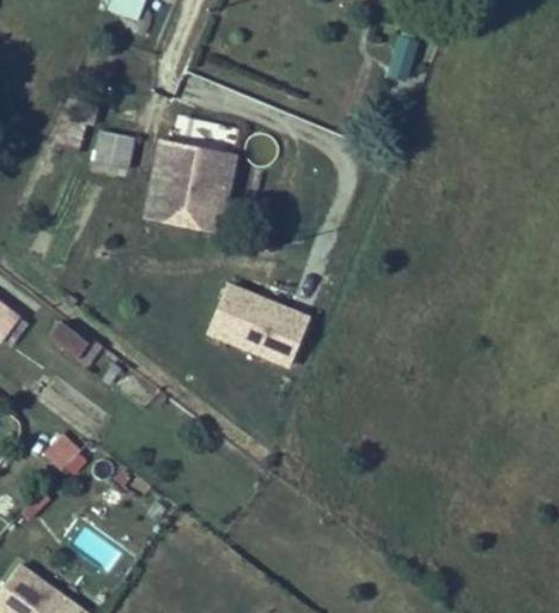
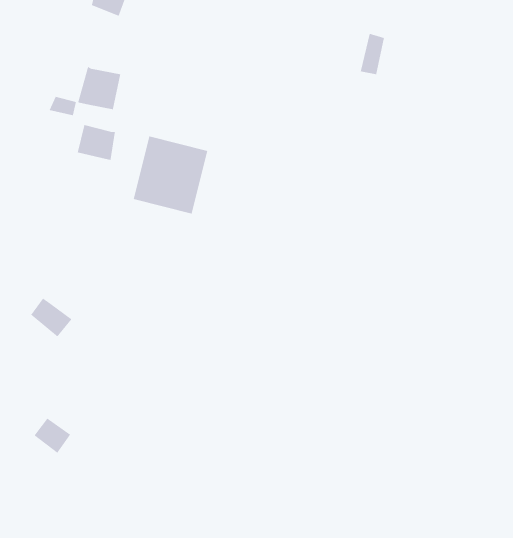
building: none -> [77,66,121,110]
building: [207,283,311,366] -> none

